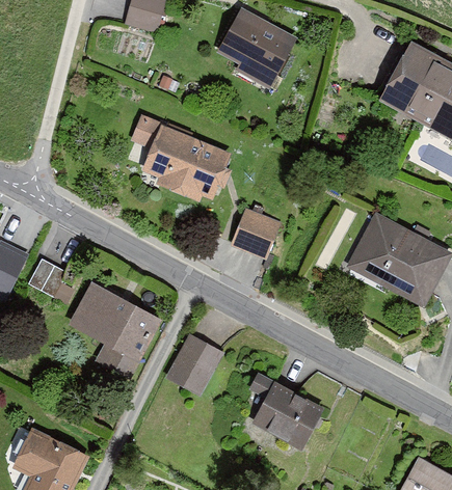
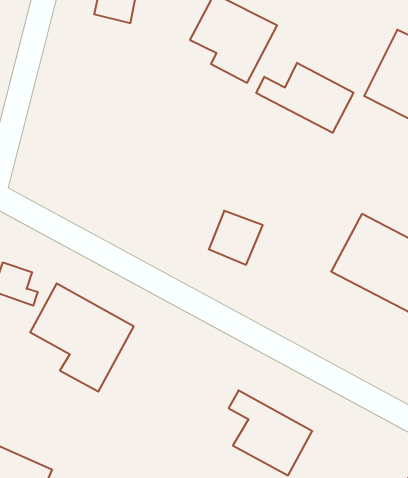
building: none -> [256,63,353,133]
building: [130,113,231,199] -> none
building: [164,334,227,399] -> none

